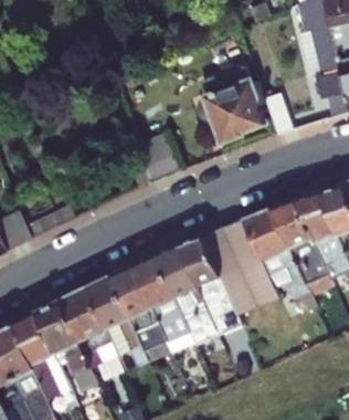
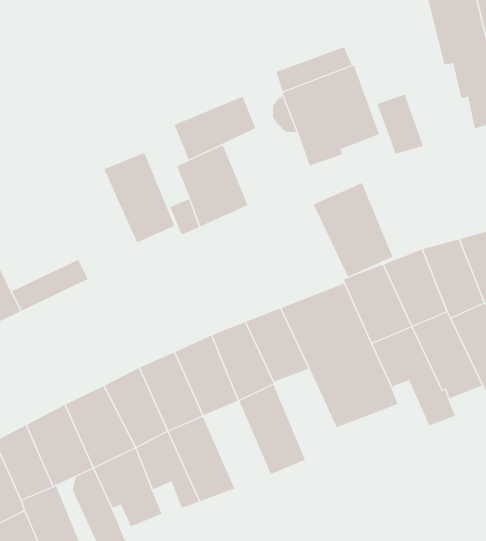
building: none -> [174,96,256,161]
building: none -> [103,152,175,243]
building: none -> [313,182,393,277]
building: [199,276,245,336] -> none
building: [152,297,197,355] -> none

